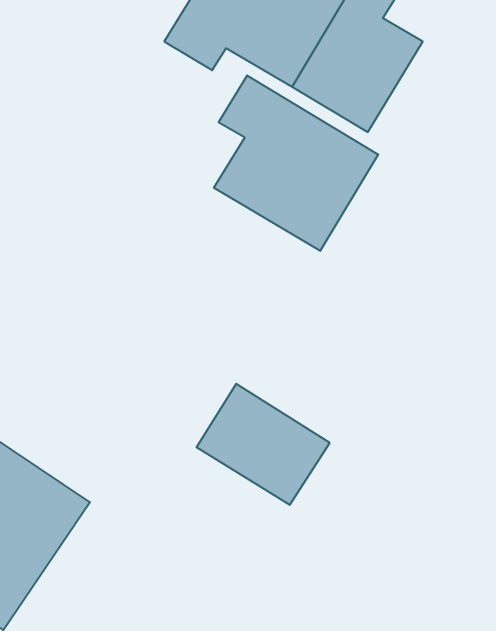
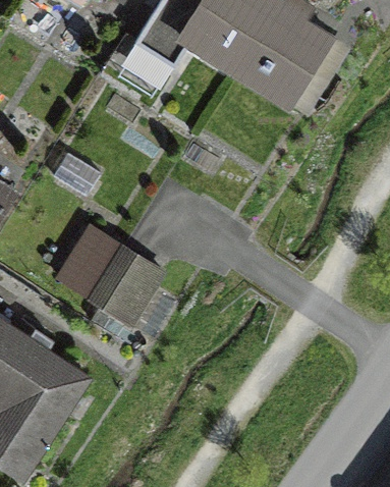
building: [214,75,378,251] -> none
building: [196,384,330,505] -> [62,233,161,323]

